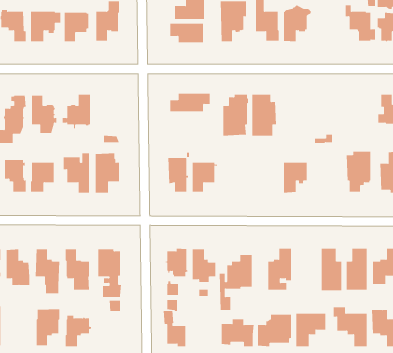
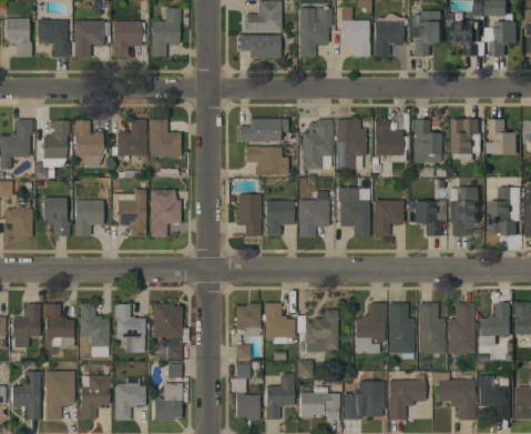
building: none -> [413,11,441,55]
building: none -> [451,118,481,160]
building: none -> [151,119,181,155]
building: none -> [375,119,406,161]
building: none -> [413,120,441,162]
building: none -> [246,145,288,174]
building: none -> [338,186,370,235]
building: none -> [299,191,331,236]
building: none -> [415,201,447,235]
building: none -> [389,302,415,359]
building: none -> [45,371,74,420]
building: none -> [266,373,295,418]
building: none -> [154,383,182,420]

